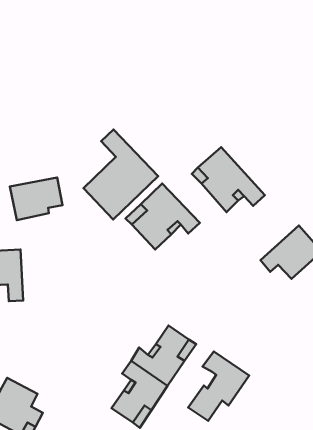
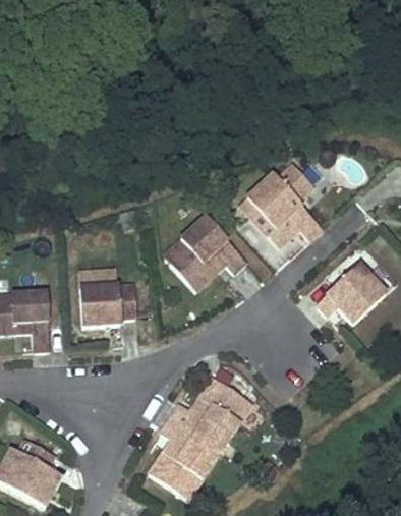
building: [83,129,158,219] -> none
building: [10,177,62,220] -> [75,284,135,333]
building: [188,352,249,421] -> none

